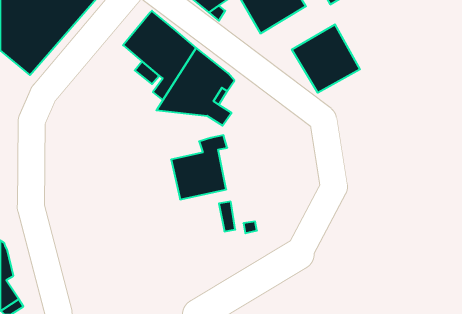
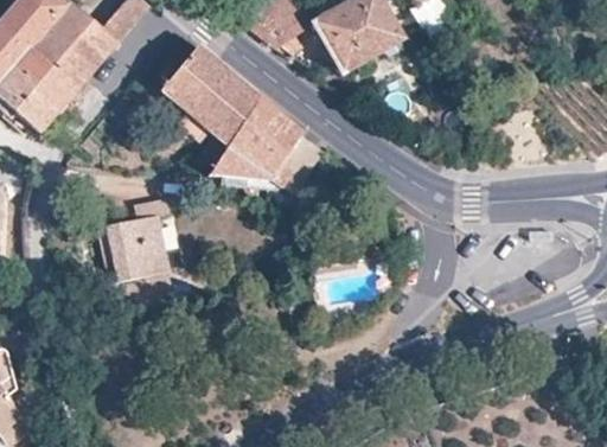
building: [292,24,360,93] -> none
building: [171,135,227,199] -> [96,196,170,280]

